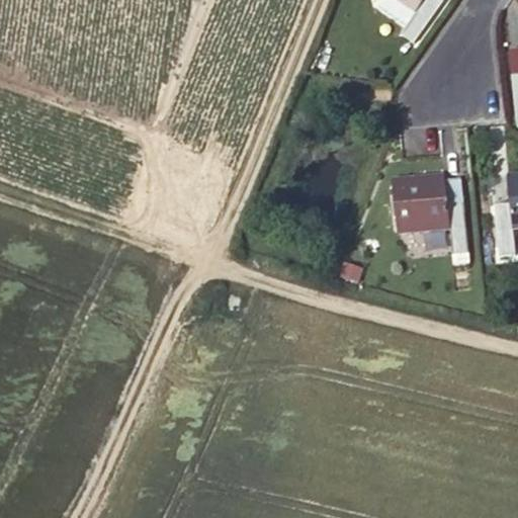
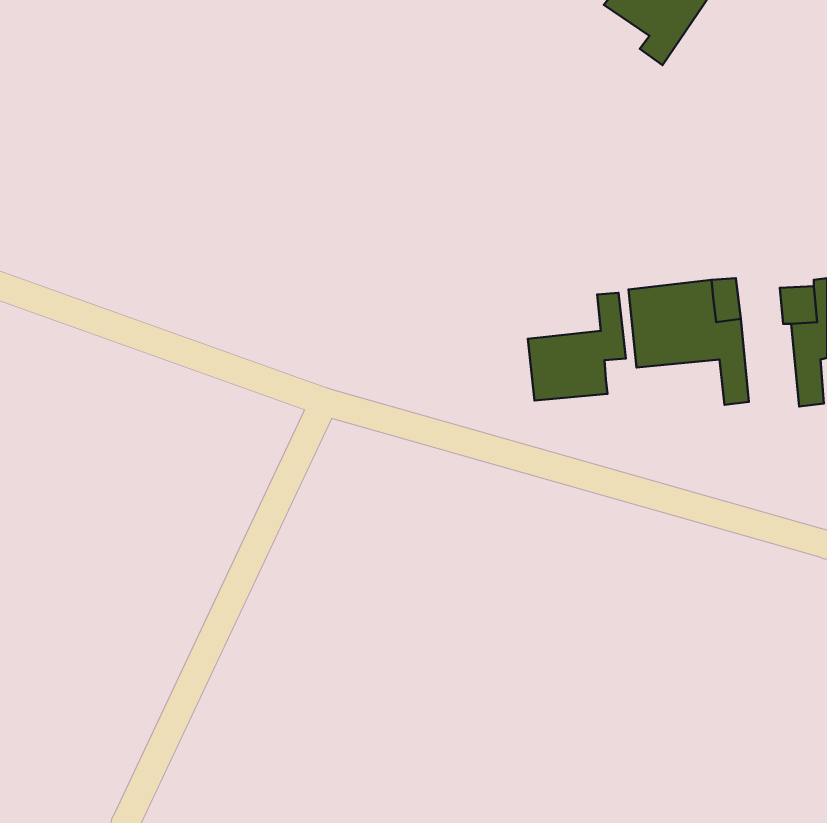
building: none -> [528,293,626,400]

